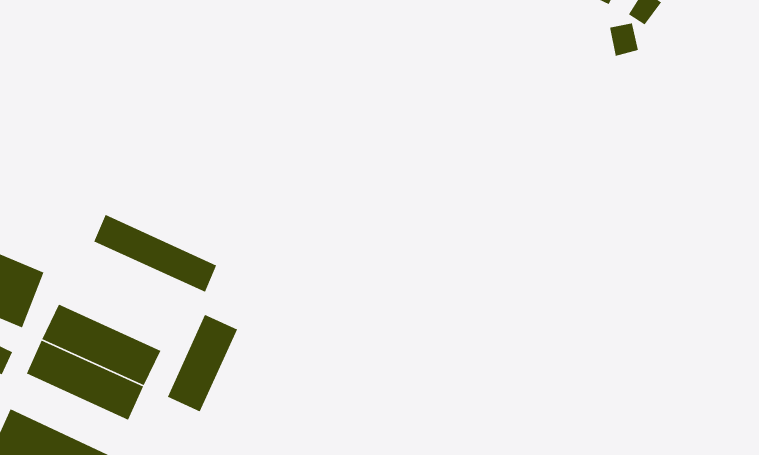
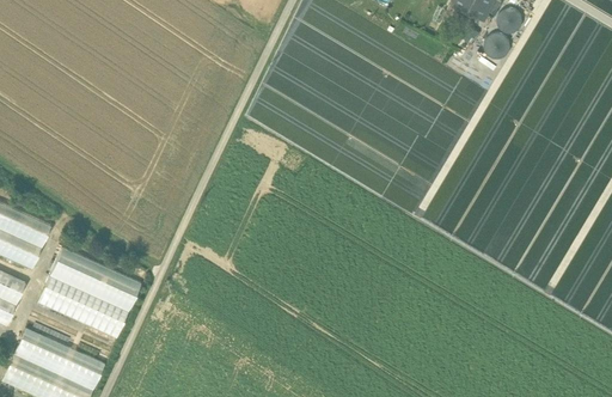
building: [93,214,217,293] -> none
building: [167,314,238,412] -> none

